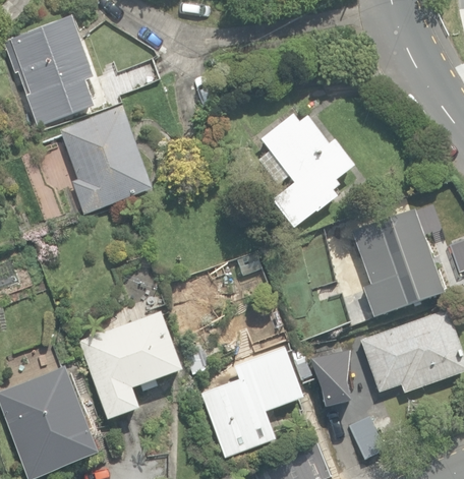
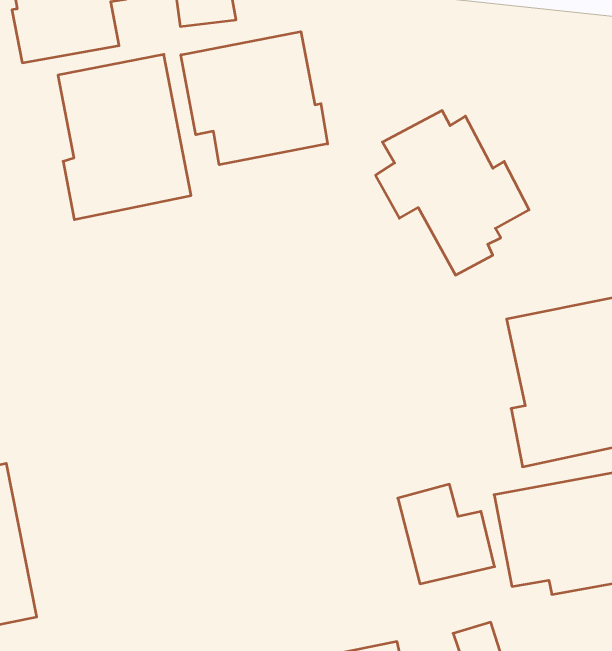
building: none -> [181,32,328,165]
building: [76,310,181,422] -> none
building: [199,347,302,436] -> none

